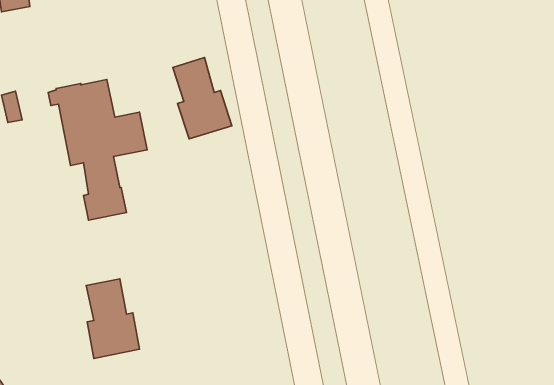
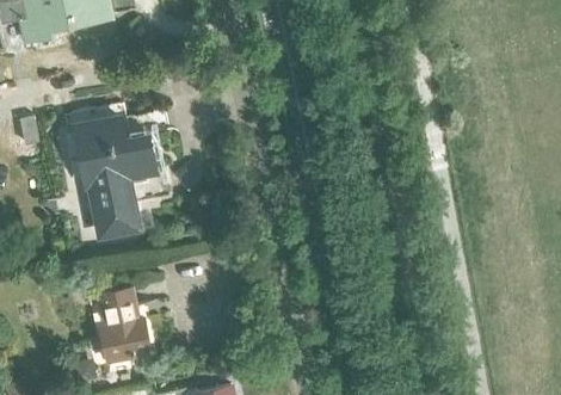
building: [173,58,232,139] -> none

